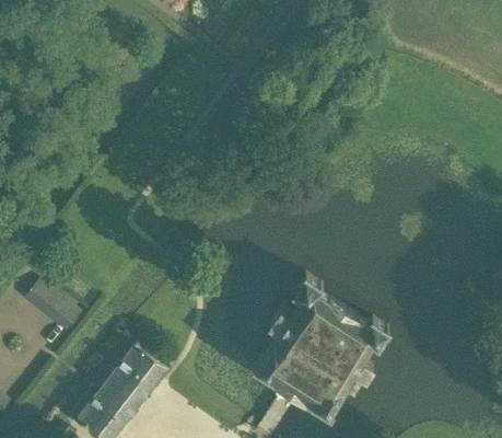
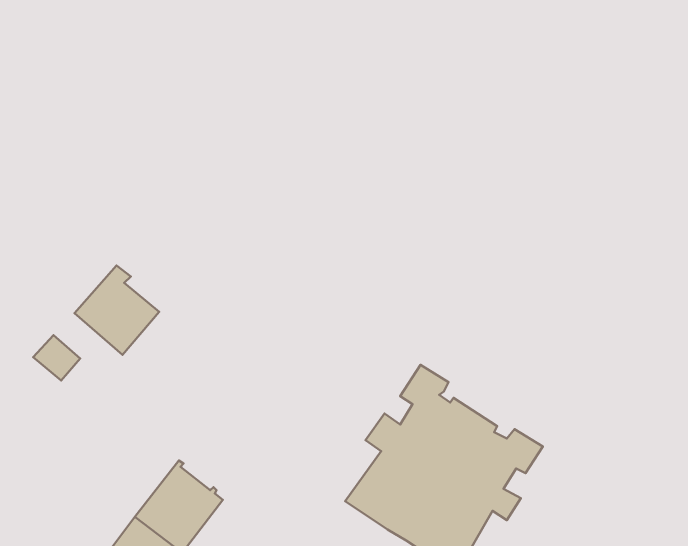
building: none -> [74,265,159,355]
building: [36,293,79,335] -> none

